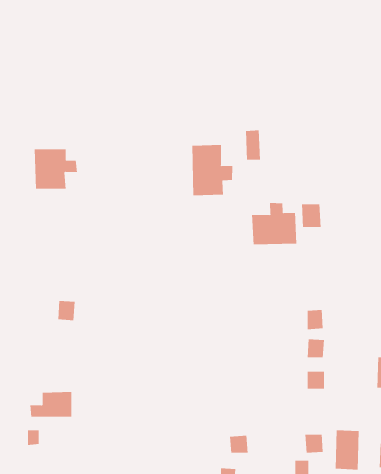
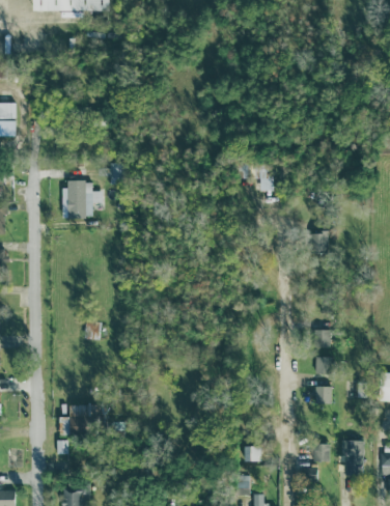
building: [192,144,233,196] -> none
building: [252,202,297,245] -> none

